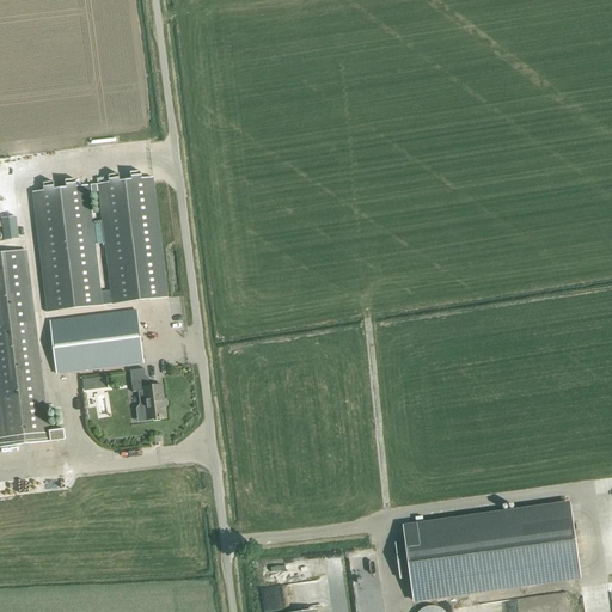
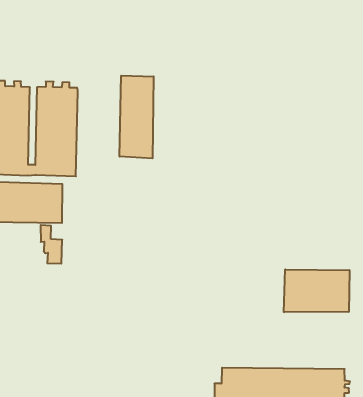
building: none -> [120,76,154,158]
building: none -> [284,269,349,312]

